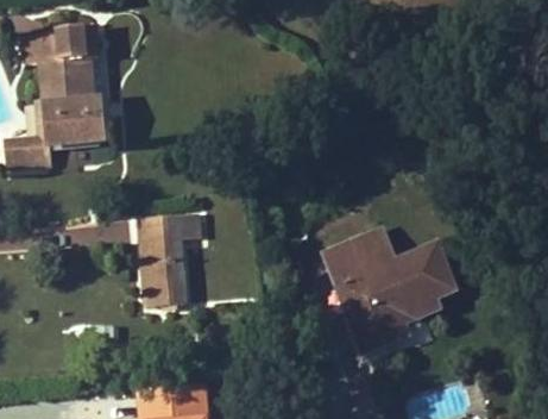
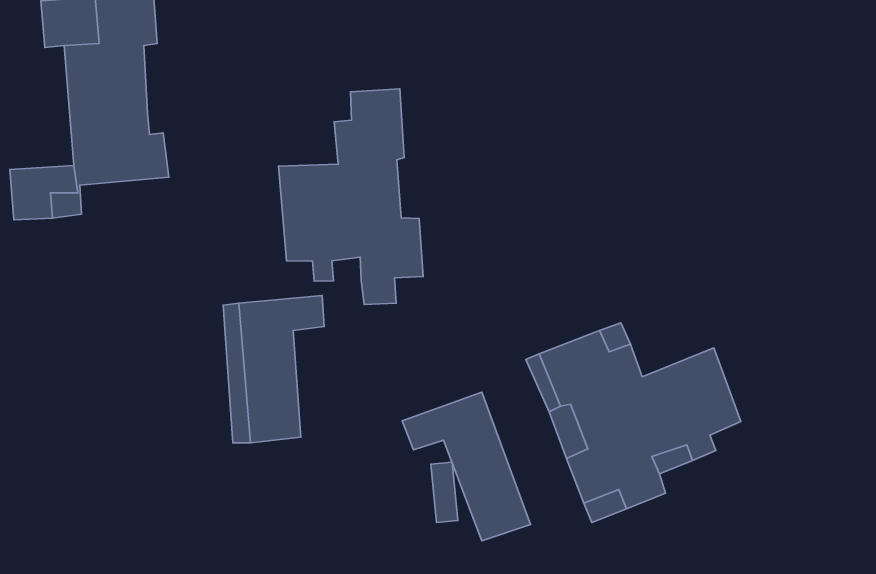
building: none -> [278,89,423,305]
building: none -> [402,392,530,541]

